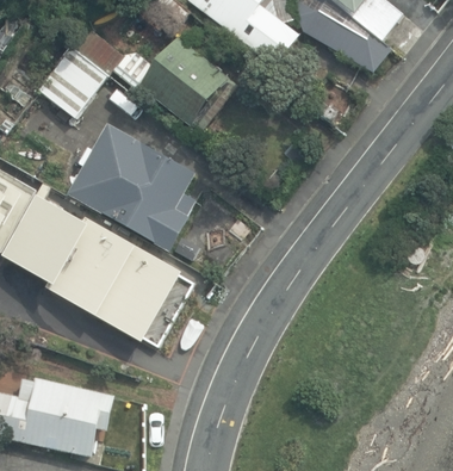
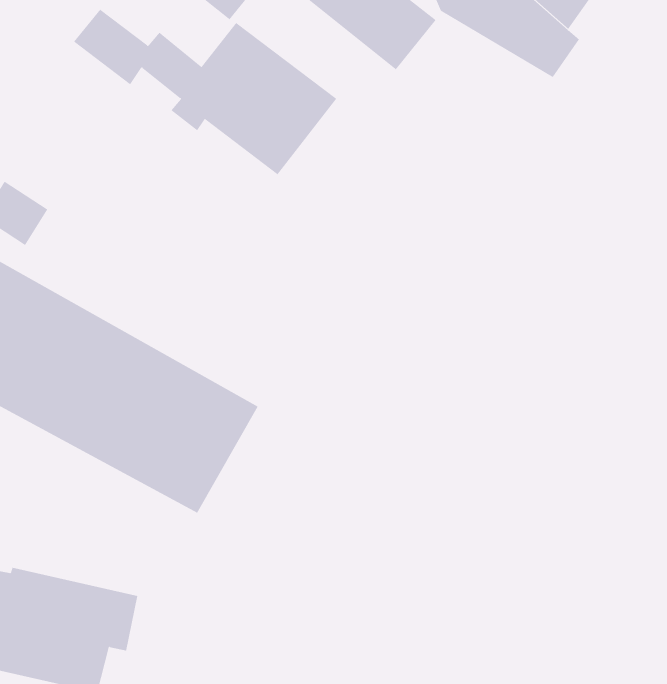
building: [36,45,108,118] -> none
building: [66,122,198,252] -> none

